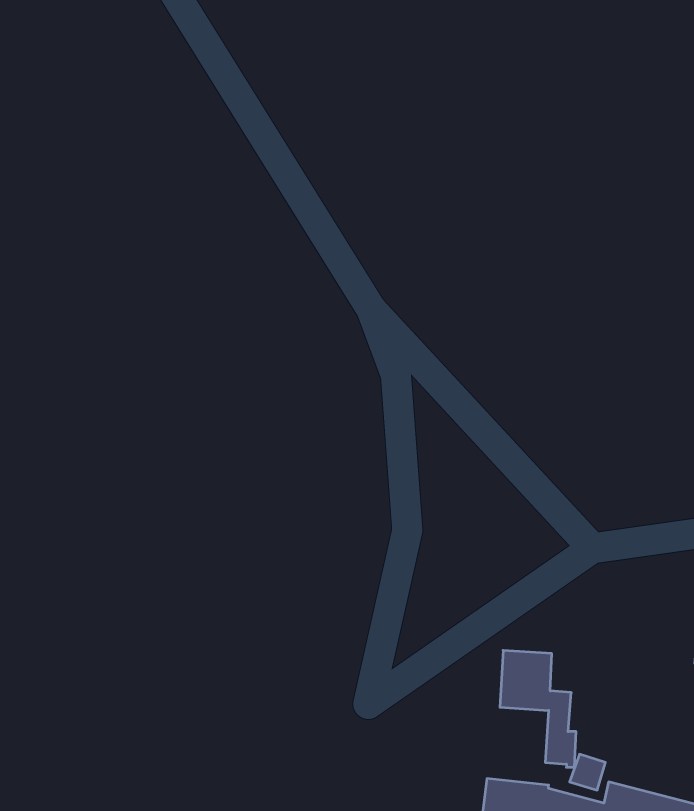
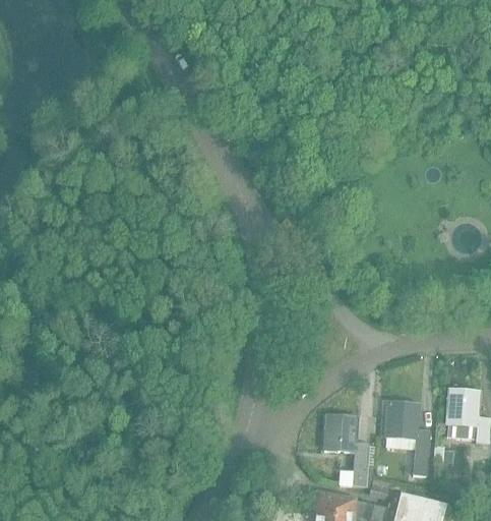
building: none -> [384,401,429,477]

